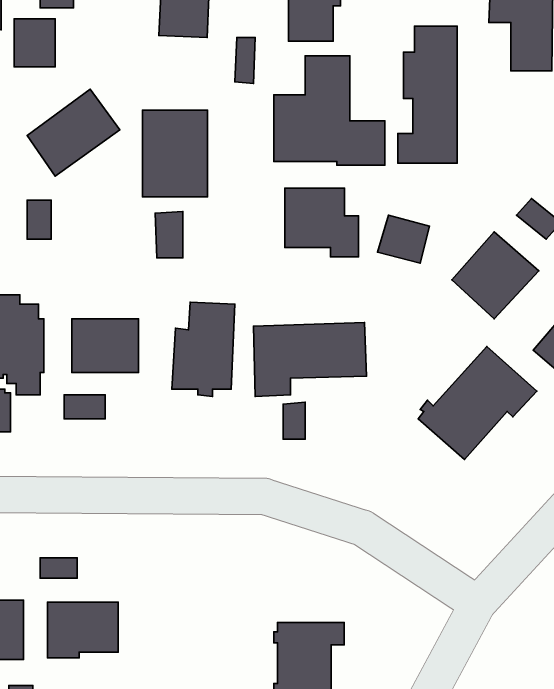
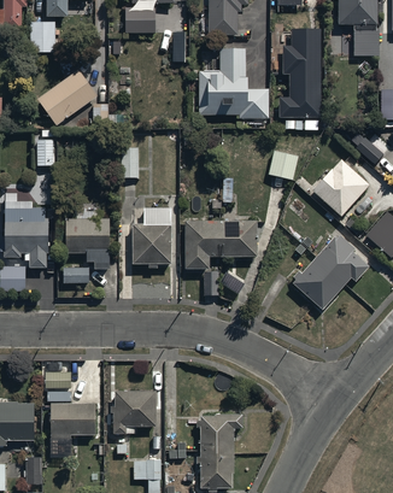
building: [142,110,207,197] -> none
building: [285,188,359,257] -> none
building: none -> [111,389,156,432]

